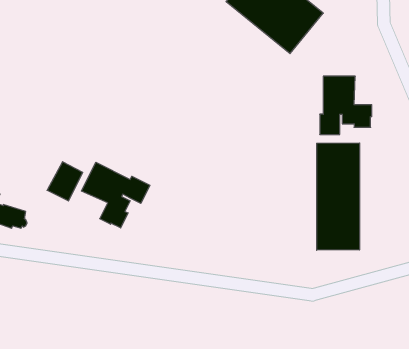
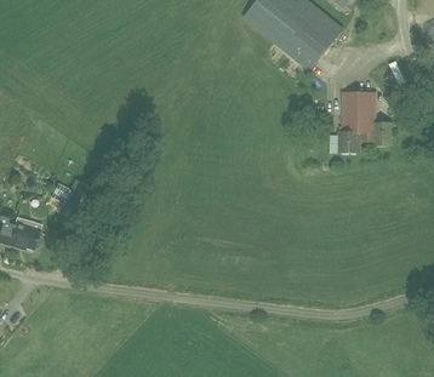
building: [317,143,359,250] -> none
building: [82,162,150,228] -> none

